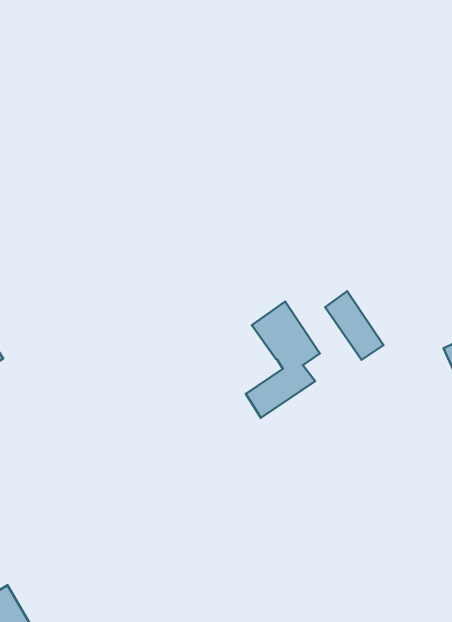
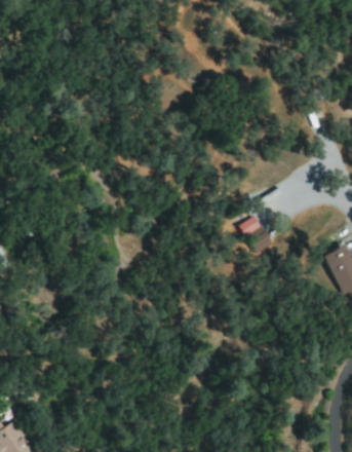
building: [246,302,320,418] -> none

